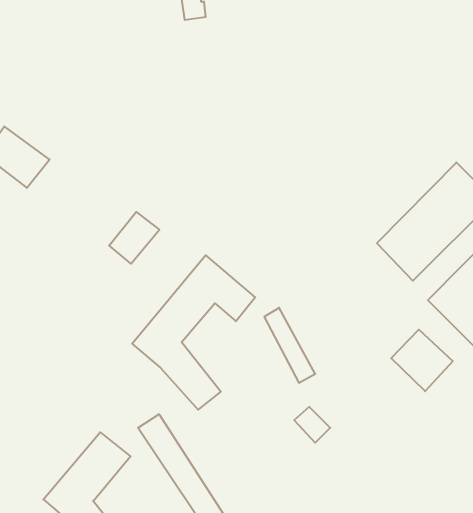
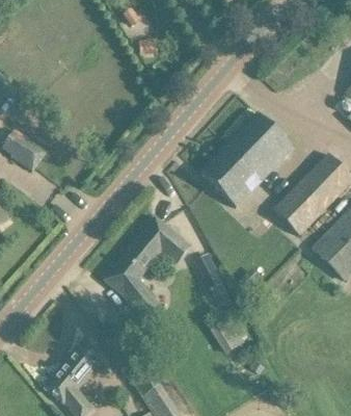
building: none -> [199,112,293,206]
building: [109,212,159,264] -> none
building: [391,330,453,391] -> none

